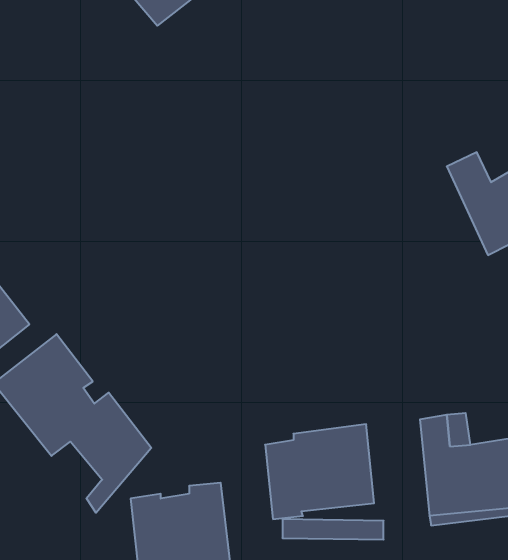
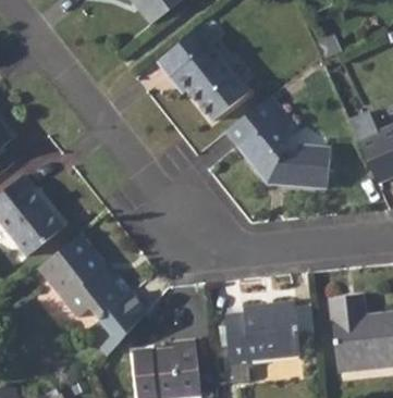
building: none -> [157,25,247,120]
building: none -> [223,97,328,187]

